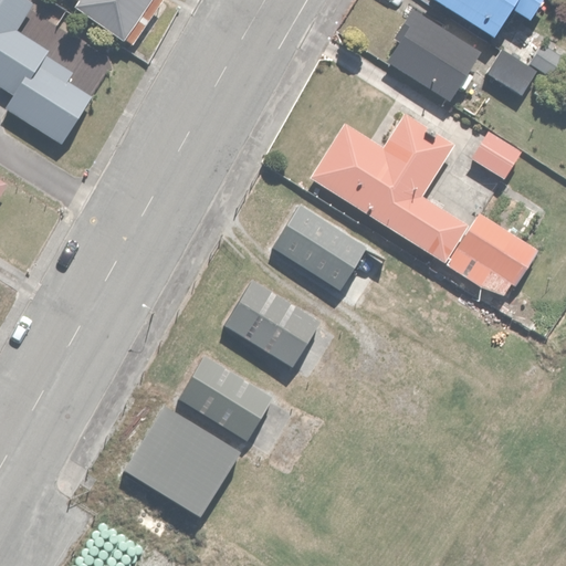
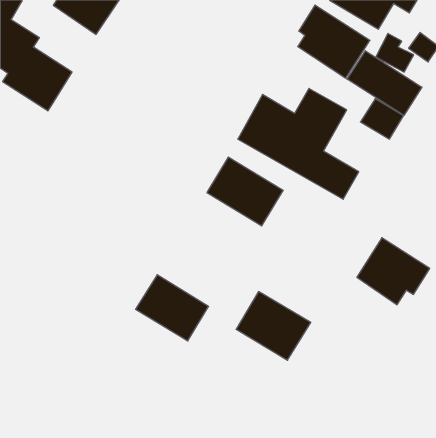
building: none -> [347,51,422,115]
building: [444,210,538,296] -> [357,238,430,305]
building: [223,277,319,366] -> [236,292,311,360]
building: [123,405,239,516] -> none

